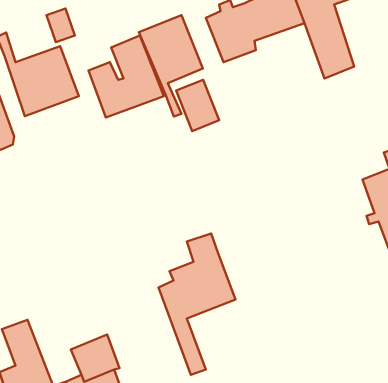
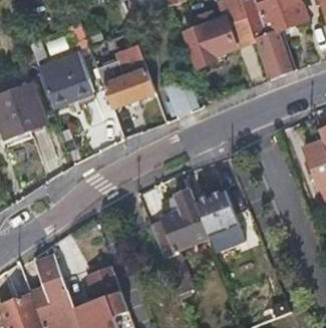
building: [139,15,203,116] -> none
building: none -> [195,196,239,243]

